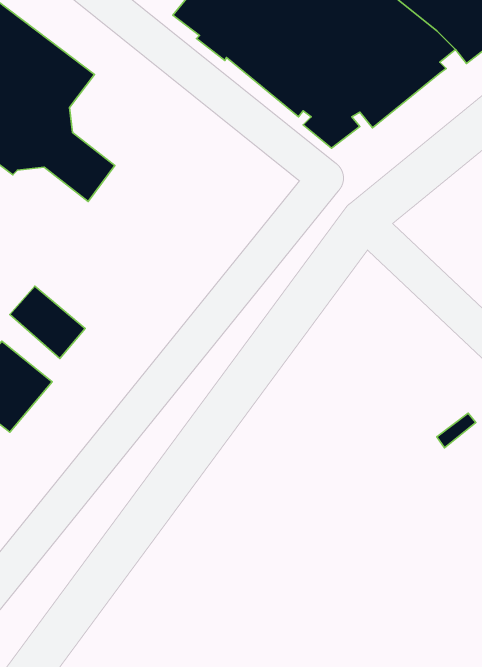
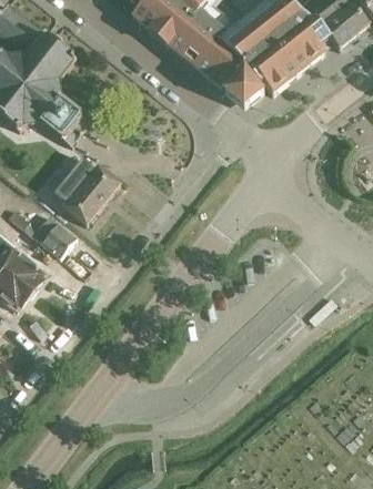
building: none -> [53,157,120,224]

